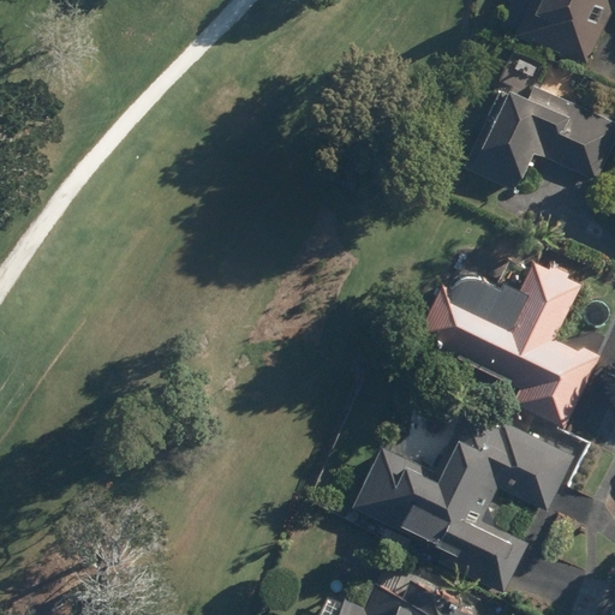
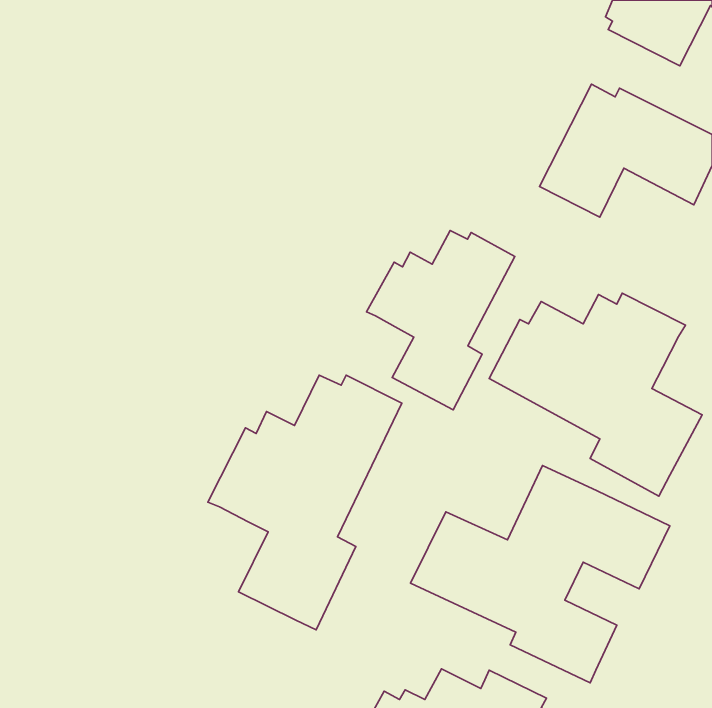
building: none -> [367,230,515,410]
building: none -> [208,375,402,630]

